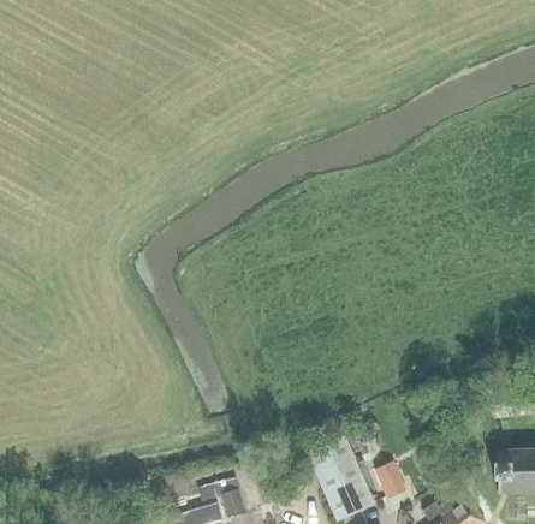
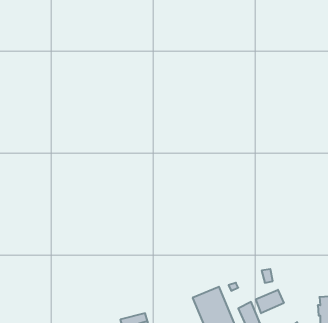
building: none -> [256,290,284,313]

